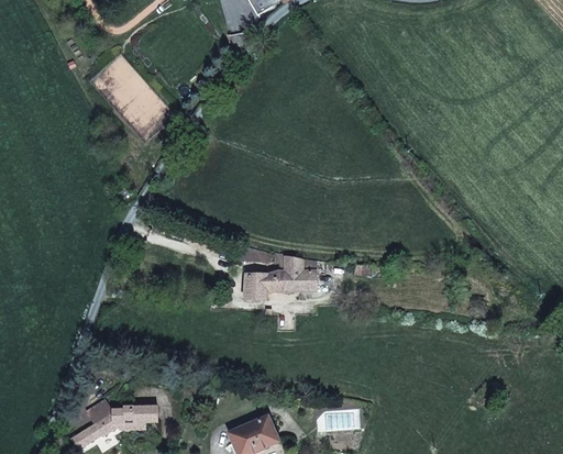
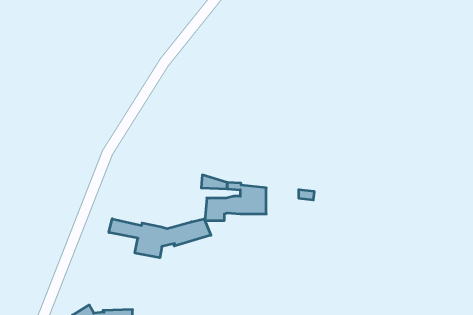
building: none -> [109,219,211,258]

